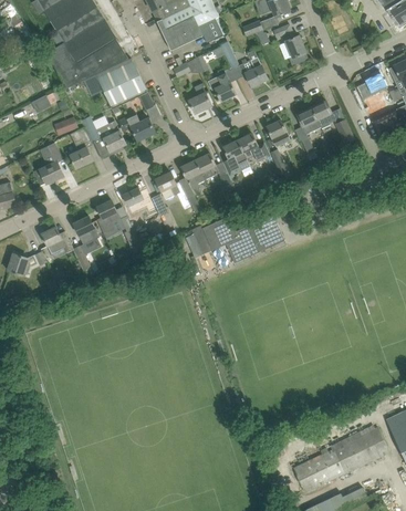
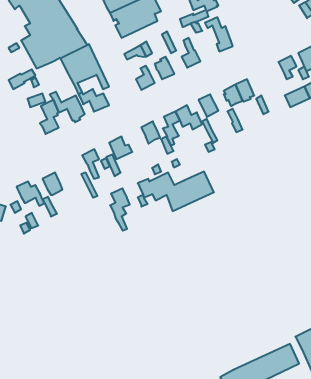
building: [39,142,63,184] -> none
building: [179,160,204,212] -> [110,188,130,231]
building: [96,200,118,236] -> none

